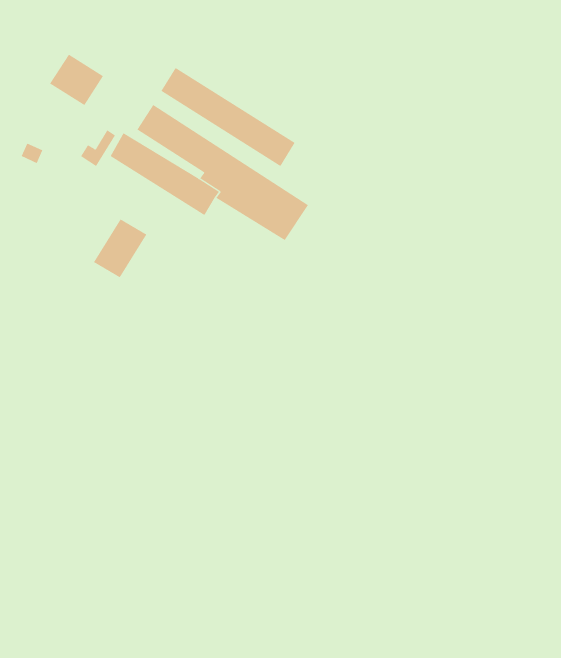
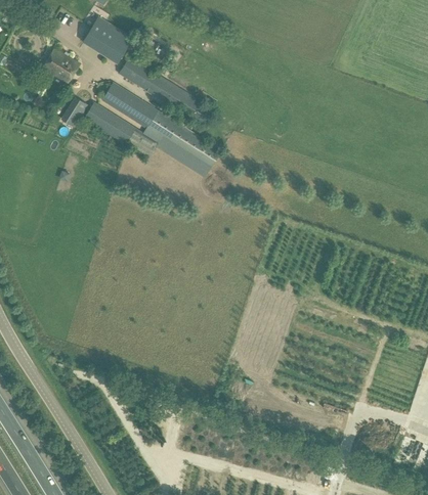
building: none -> [82,16,132,63]
building: [93,219,147,278] -> none

